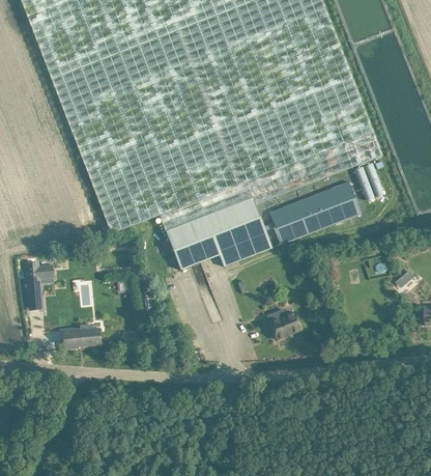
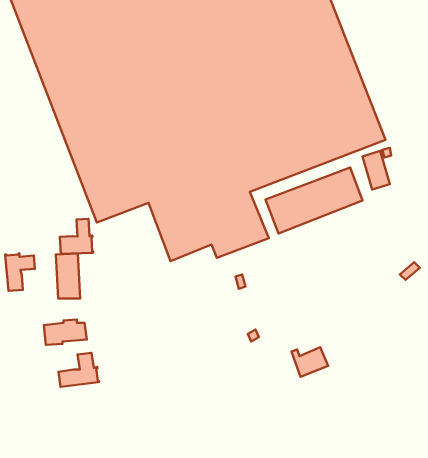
building: none -> [60,219,93,254]
building: [267,310,301,338] -> [292,347,328,377]
building: none -> [59,353,99,387]

